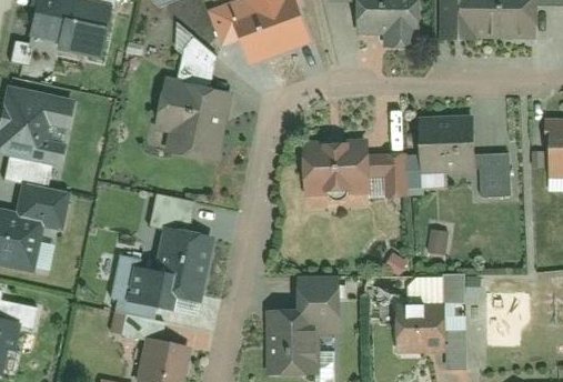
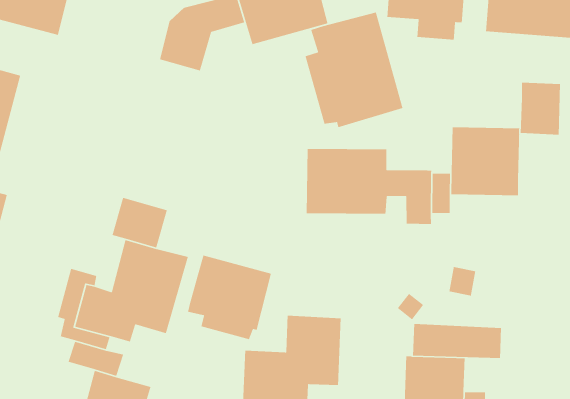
building: none -> [305,11,404,128]
building: [154,77,232,162] -> none
building: [477,153,512,197] -> [520,82,561,135]
building: none -> [187,254,272,340]

